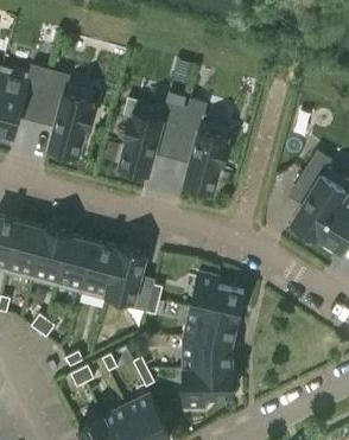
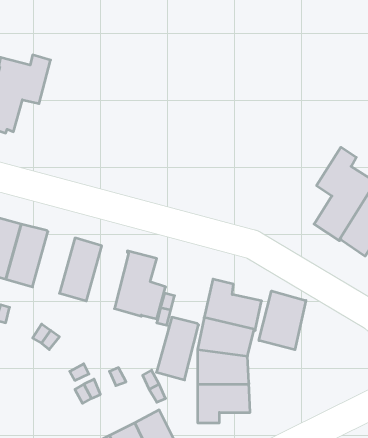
building: [42,72,94,155] -> none
building: [120,95,185,174] -> none
building: [177,101,229,192] -> none
building: [31,229,71,287] -> none
building: [81,243,120,301] -> [156,317,199,380]
building: none -> [259,291,306,350]

